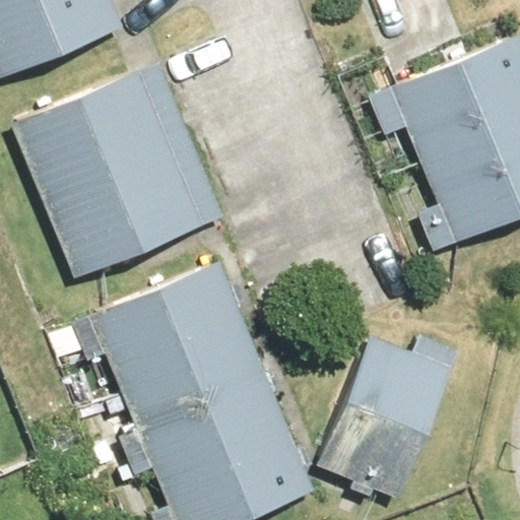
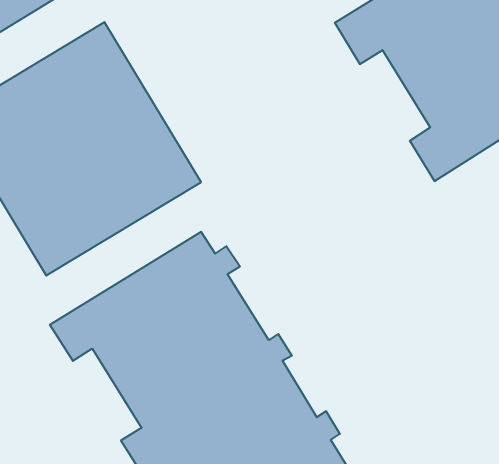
building: [317,334,458,499] -> none

